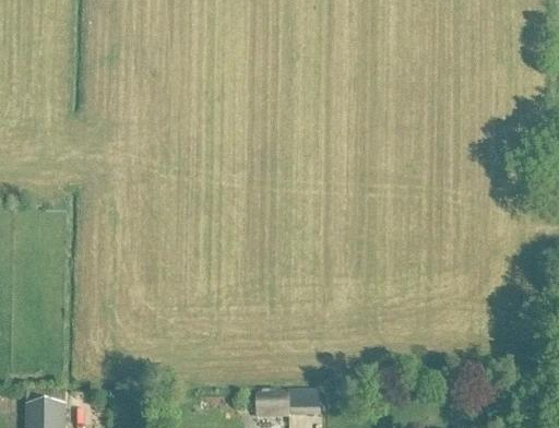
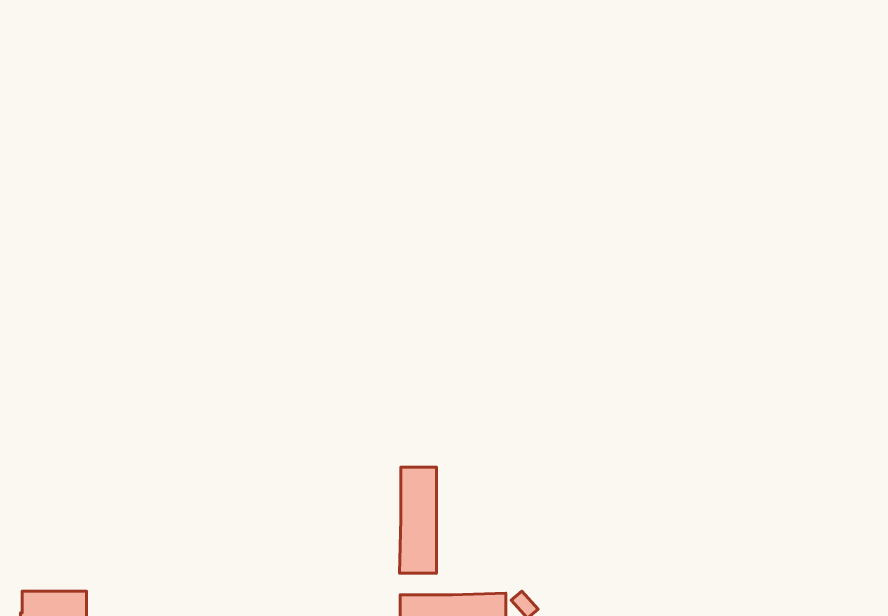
building: none -> [399,467,436,573]

